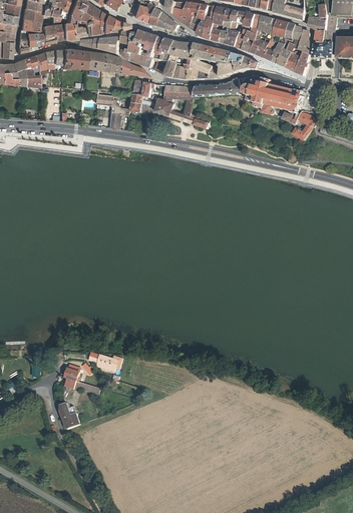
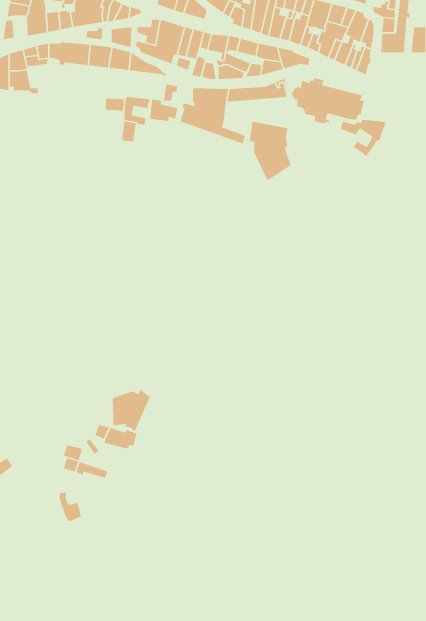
building: none -> [249,121,291,181]
building: none -> [112,389,151,432]

